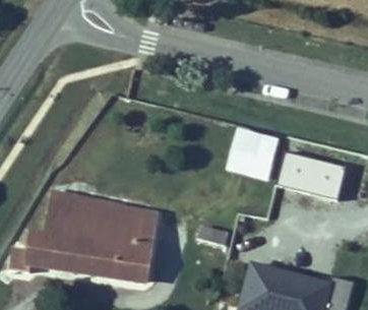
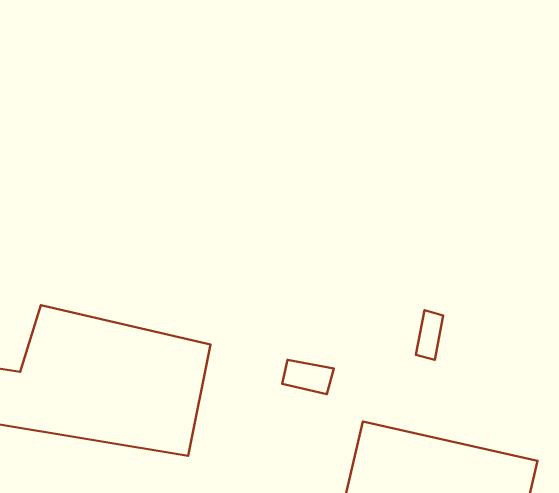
building: [231,130,280,179] -> none
building: [278,149,347,198] -> none

